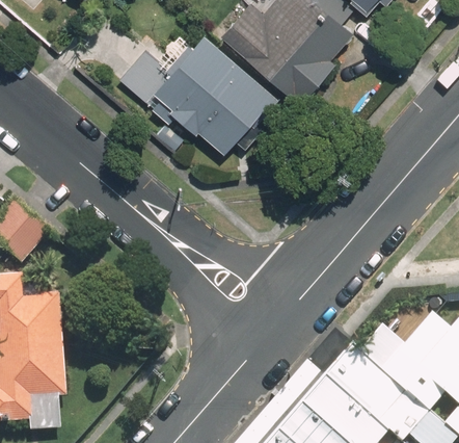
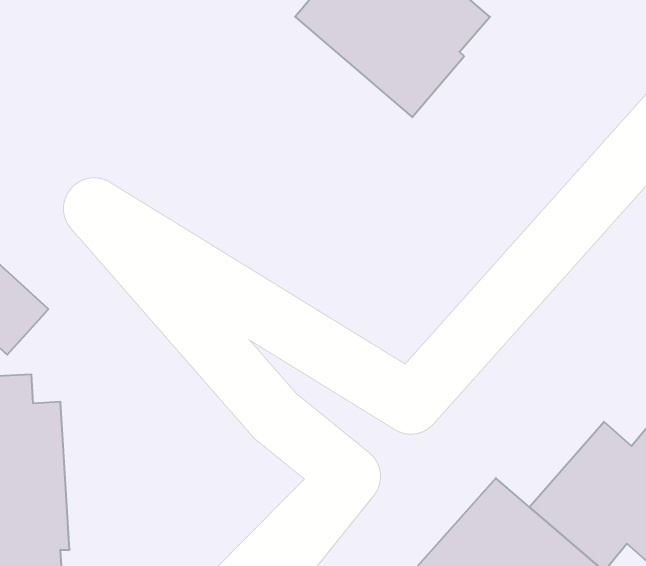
building: [118,33,274,155] -> none

